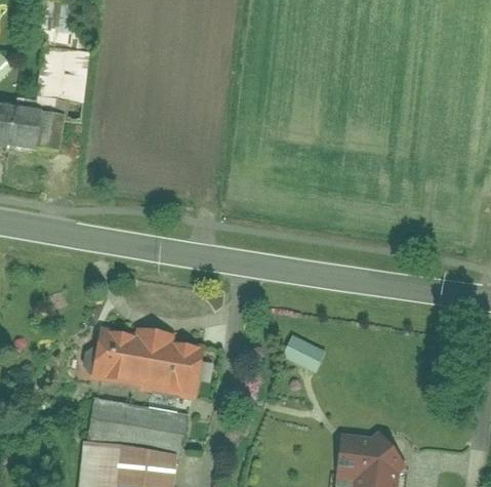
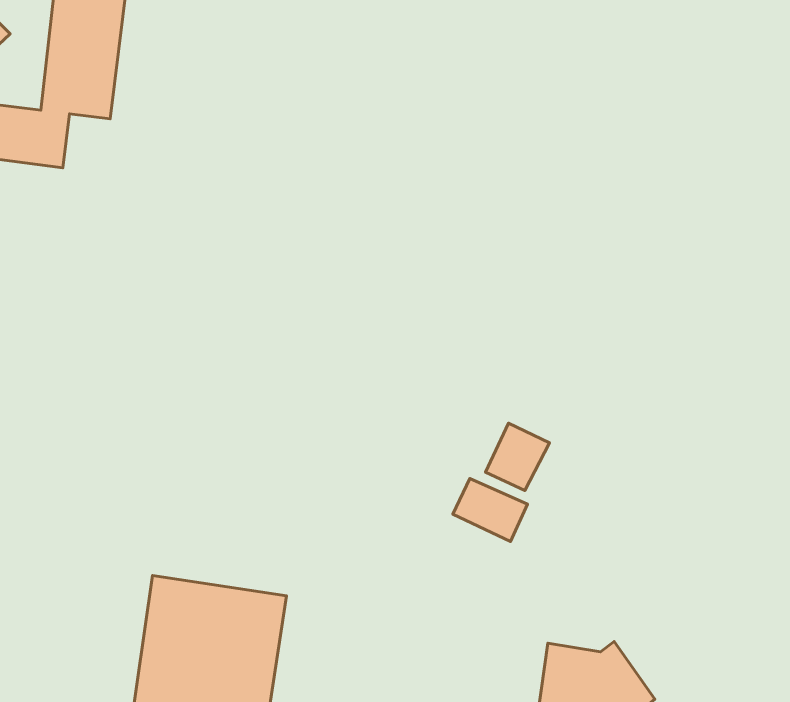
building: none -> [485,423,549,491]
building: [92,331,195,387] -> none

